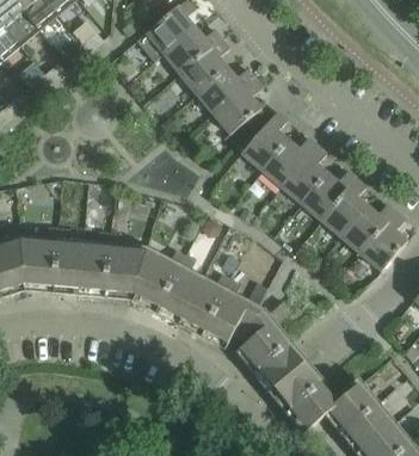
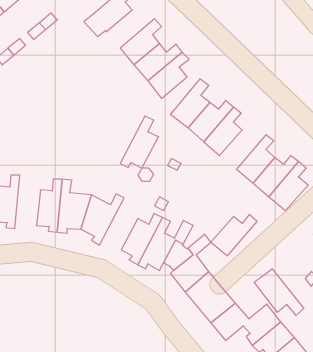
building: [164,26,222,73] -> none
building: [301,170,357,220] -> [211,215,257,256]
building: [53,227,84,292] -> none
building: [155,254,202,318] -> [120,116,159,168]
building: none -> [254,269,304,316]

